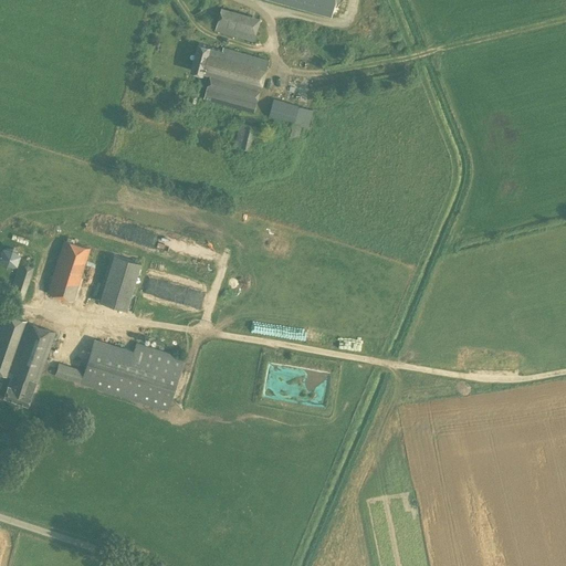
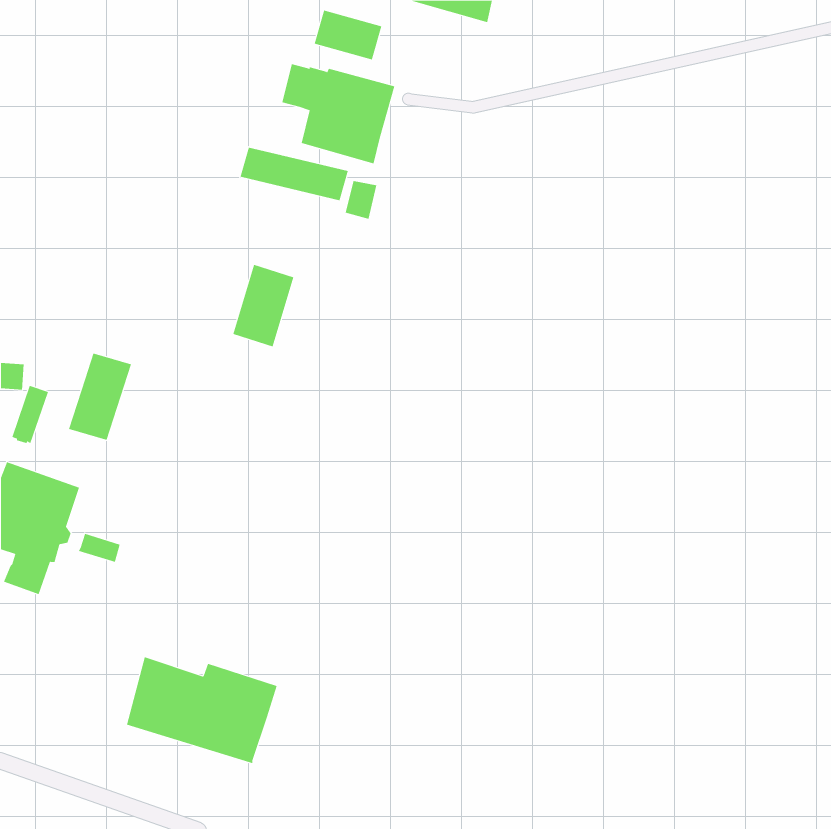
building: [269,99,313,140] -> none
building: none -> [240,147,348,201]
building: [98,254,140,311] -> [232,264,294,347]
building: [81,338,184,411] -> [126,657,278,764]

